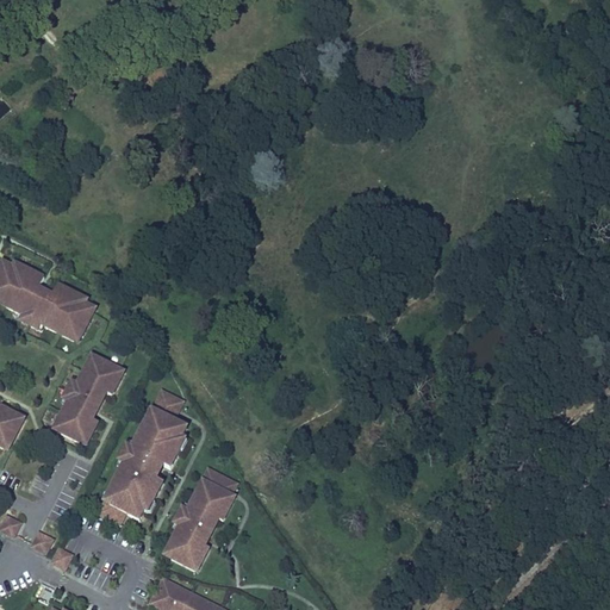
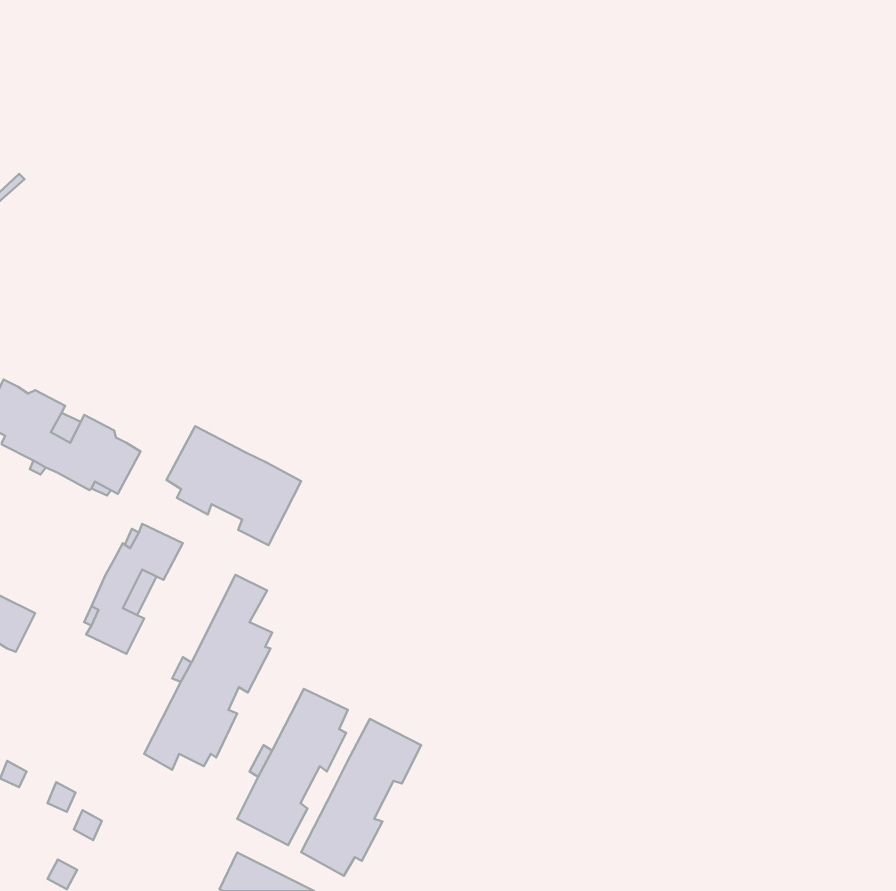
building: none -> [166,426,301,545]
building: none -> [301,719,421,876]

